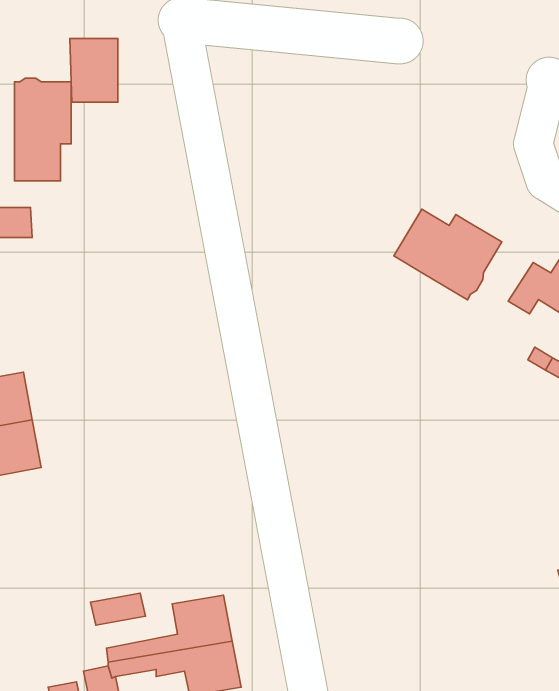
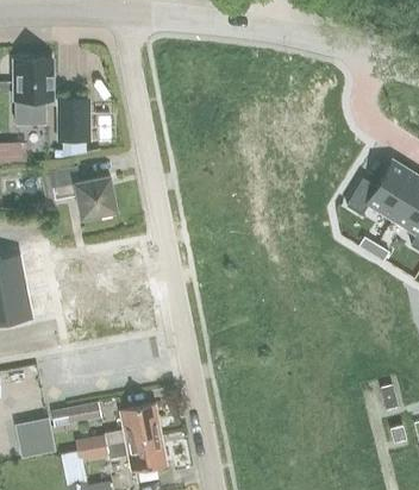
building: [70,39,118,102] -> [57,96,89,139]
building: [394,209,502,300] -> none
building: none -> [40,168,117,218]
building: none -> [17,417,52,453]

